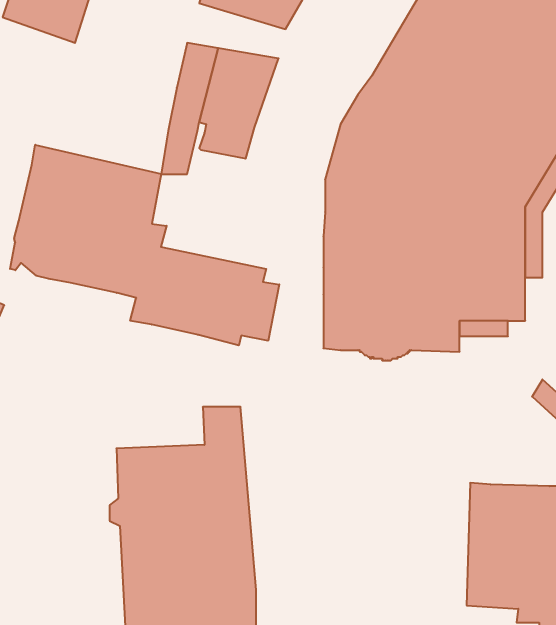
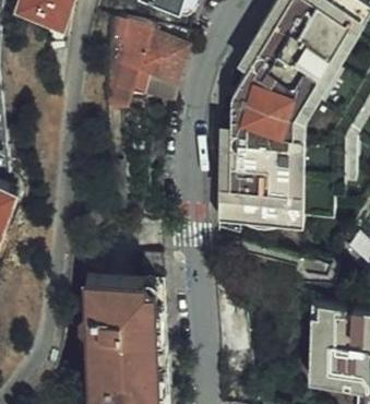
building: [10,145,279,345] -> none

